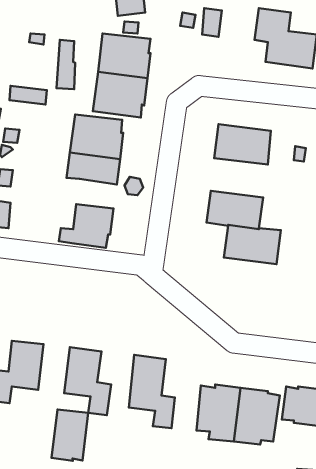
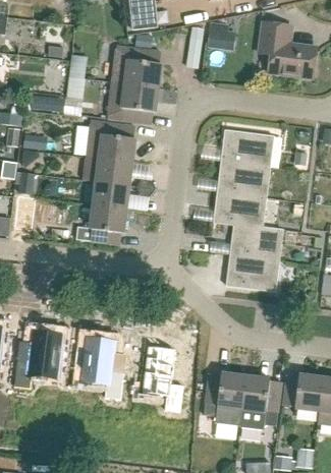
building: none -> [217,162,270,198]
building: none -> [92,181,129,209]
building: none -> [226,254,278,291]
building: [52,409,88,461] -> none

